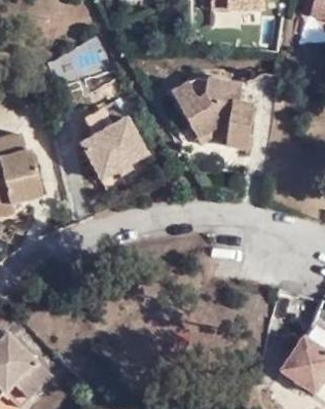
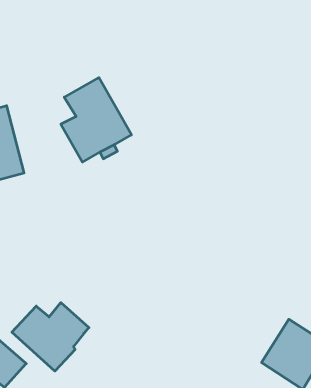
building: [173,75,254,146] -> none
building: none -> [12,303,89,371]

